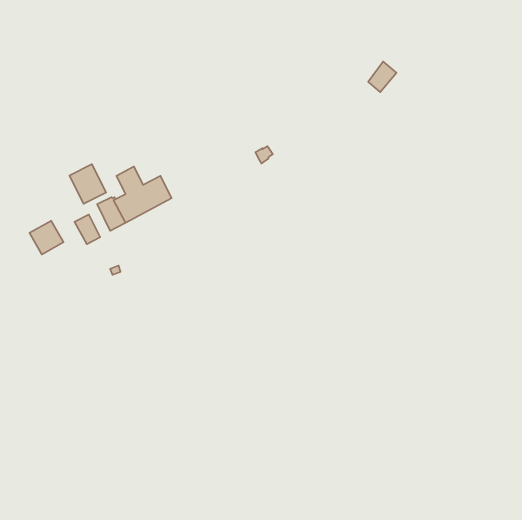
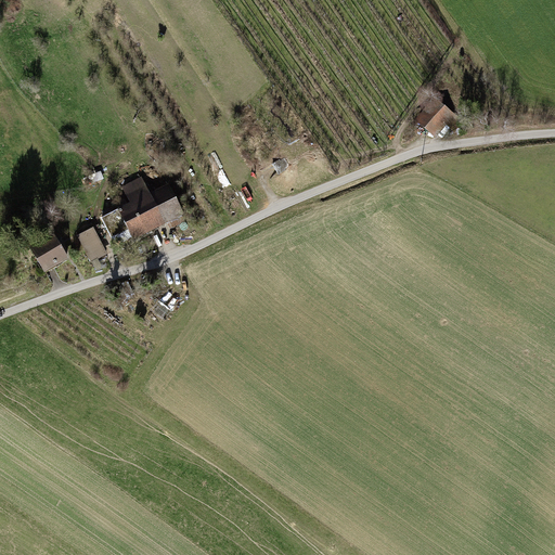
building: [368,61,397,92] -> [417,100,448,132]
building: [69,164,106,204] -> none

